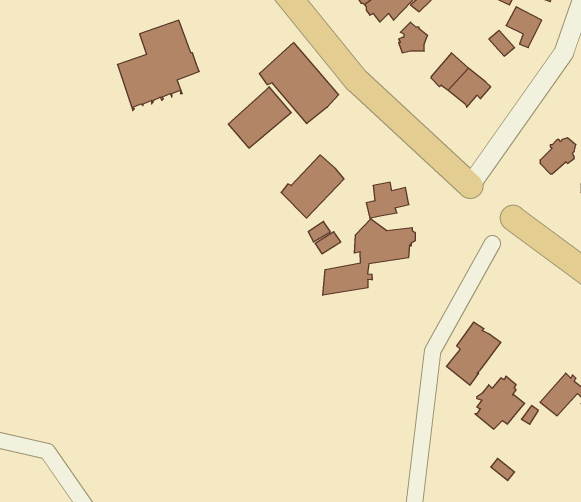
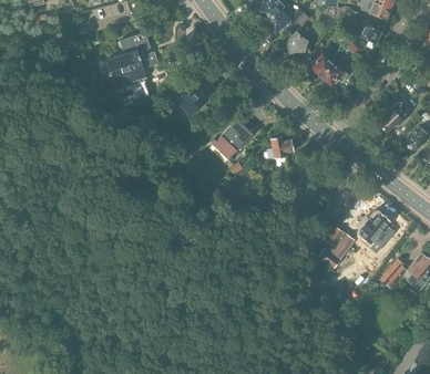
building: [259,43,339,124] -> none
building: [323,219,415,295] -> none
building: [475,376,525,429] -> [360,212,392,247]

